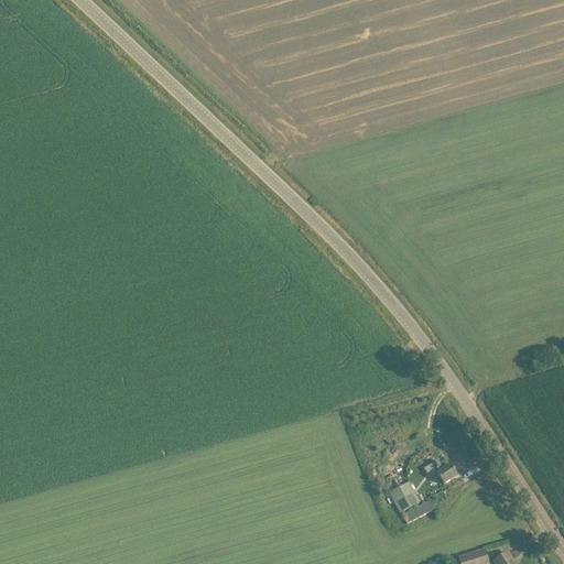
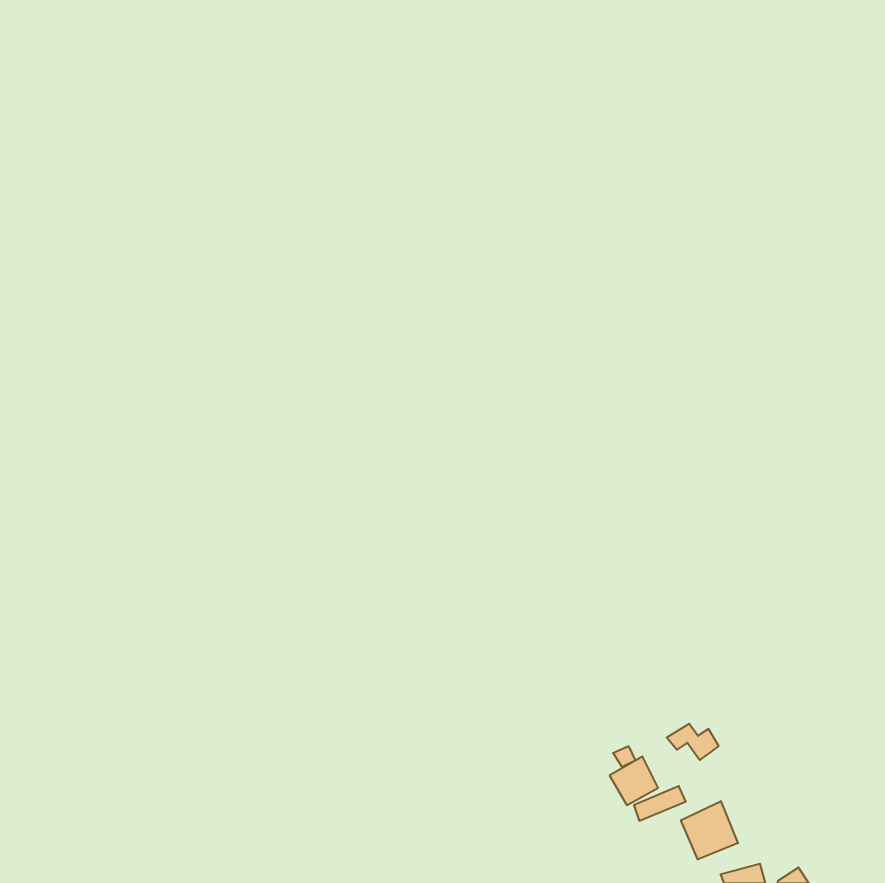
building: none -> [681,801,738,859]

